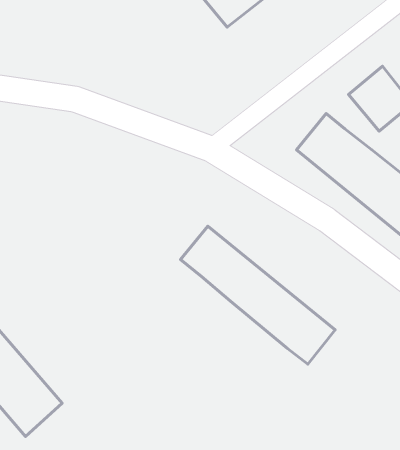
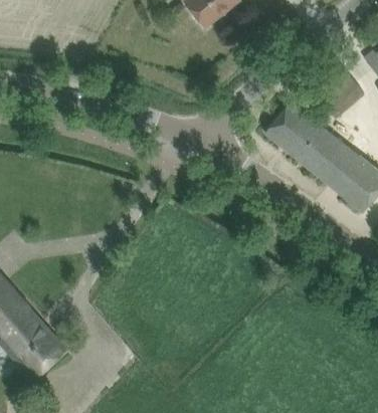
building: [180,226,335,364] -> none

